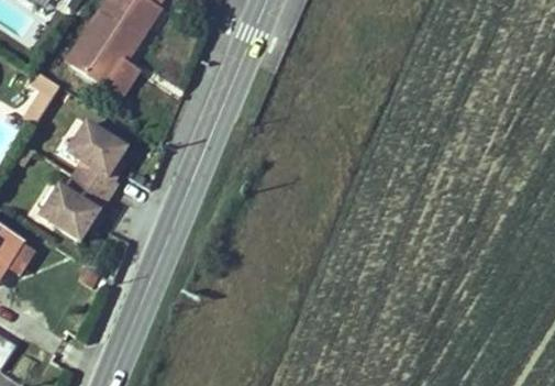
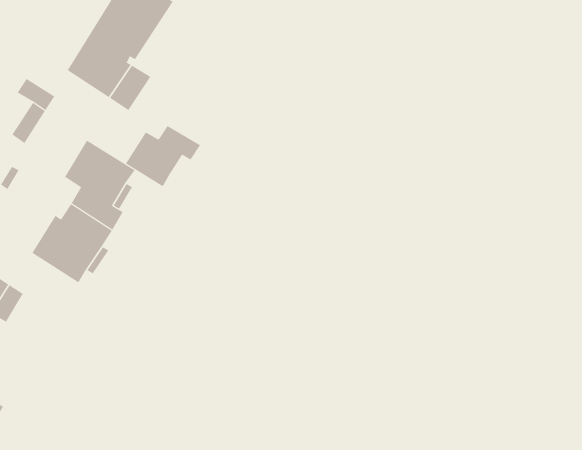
building: none -> [125,125,201,187]

